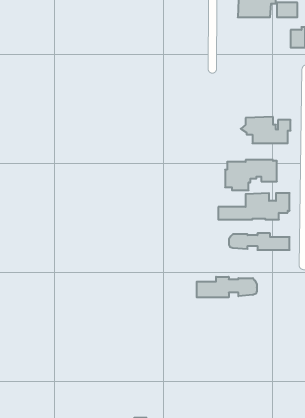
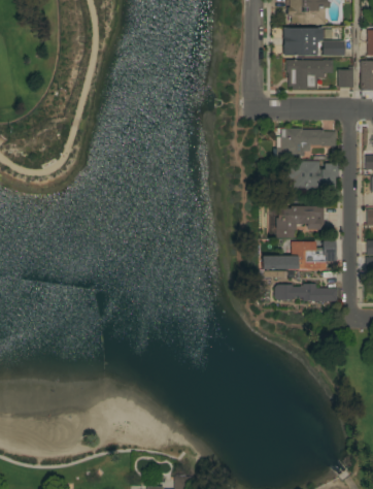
building: none -> [285,60,333,90]
building: none -> [276,128,336,158]
building: [197,277,257,297] -> none

